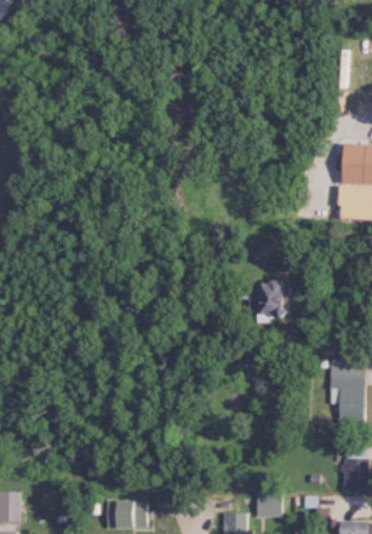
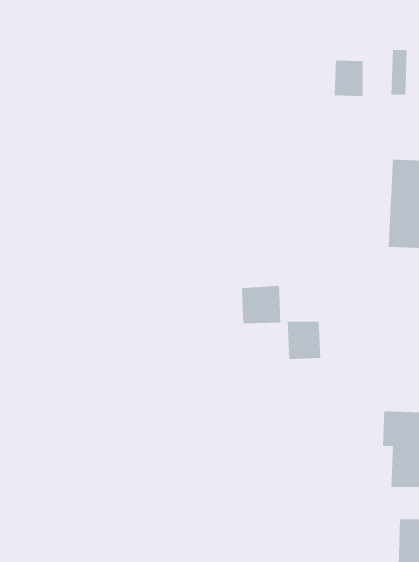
building: none -> [334,60,363,97]
building: none -> [241,285,281,324]

